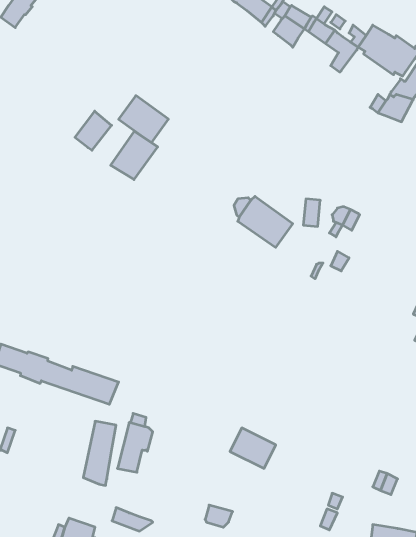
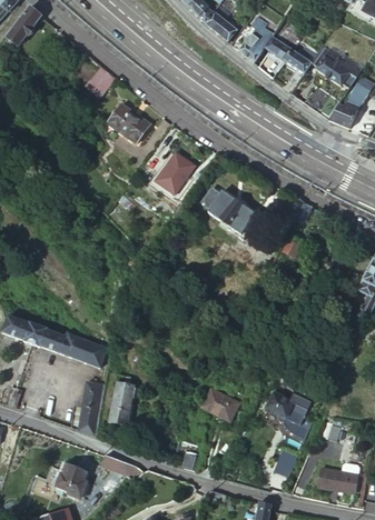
building: [75,111,112,150] -> [85,64,116,98]
building: [111,131,158,180] -> [154,150,194,191]
building: none -> [267,390,313,438]

